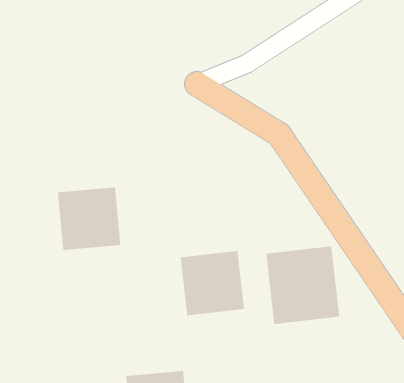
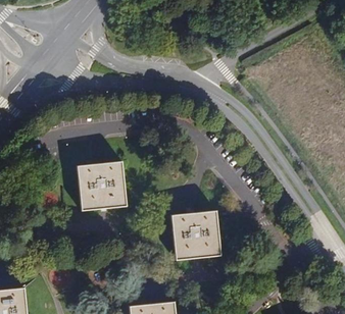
building: [266,246,340,325] -> none

